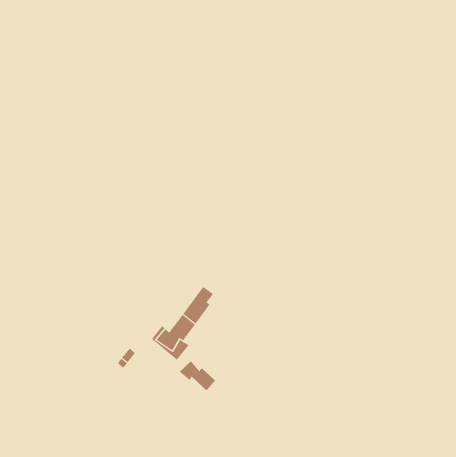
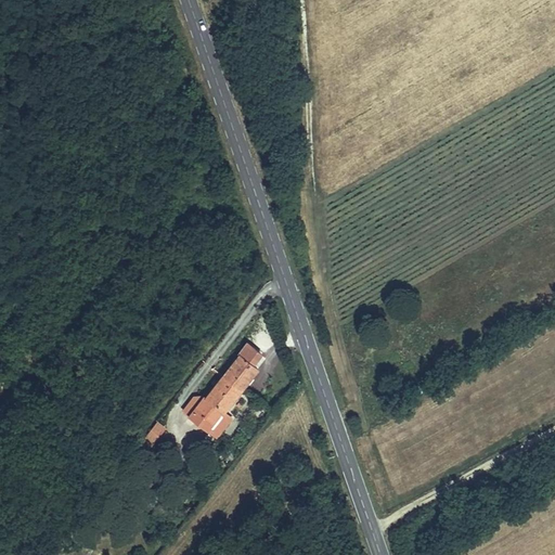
building: [179,360,216,391] -> none

